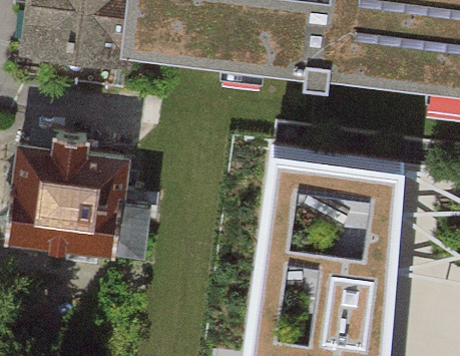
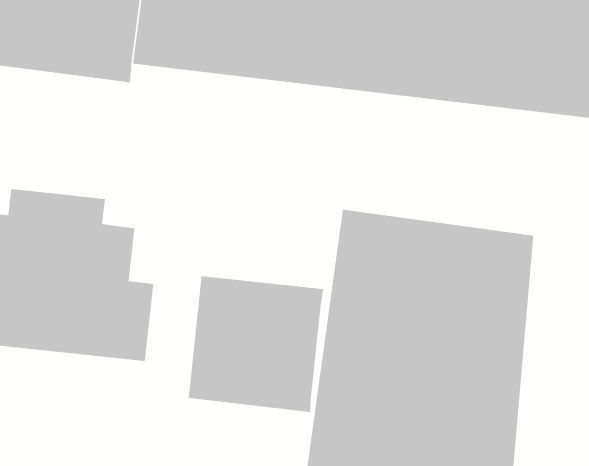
building: none -> [188,275,324,413]

